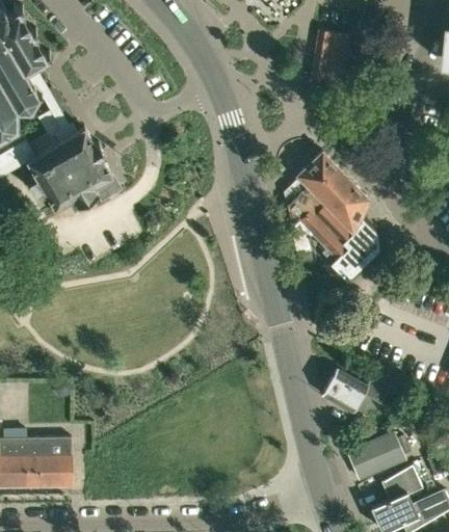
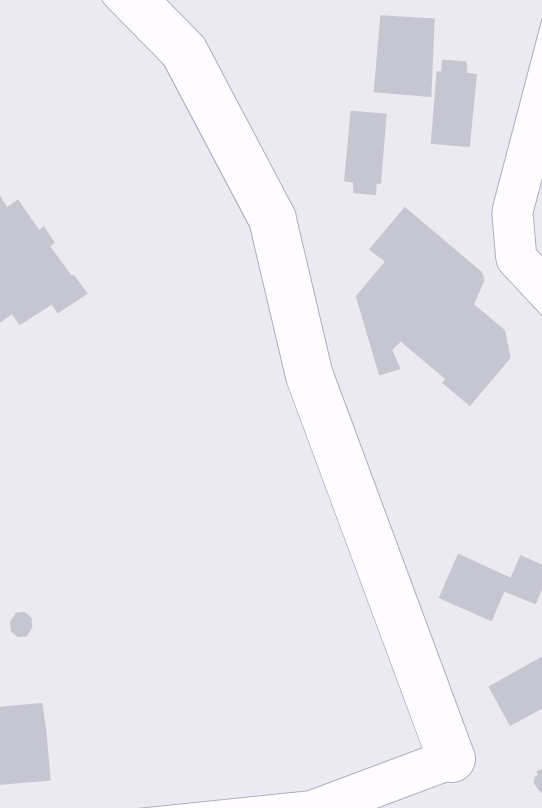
building: none -> [430,59,477,148]
building: none -> [343,110,387,196]

